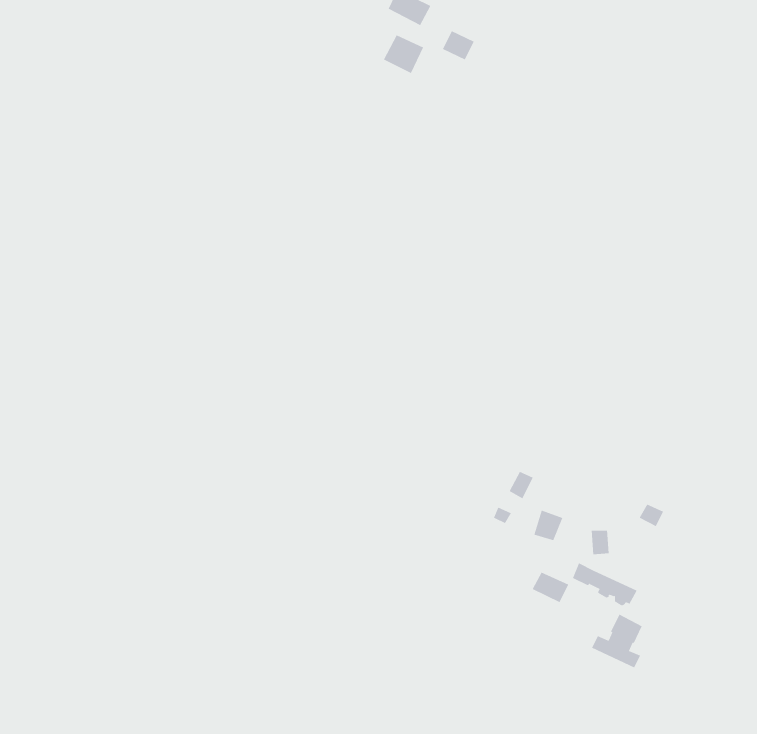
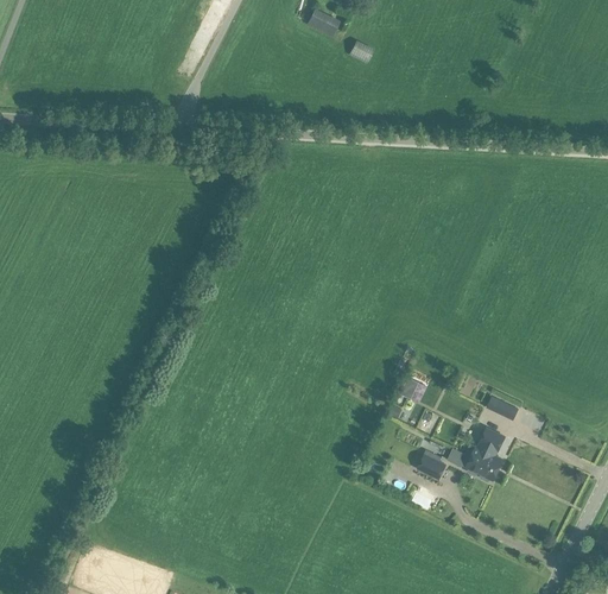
building: [383,35,424,74] -> none
building: [591,614,642,668] -> [466,426,505,468]

